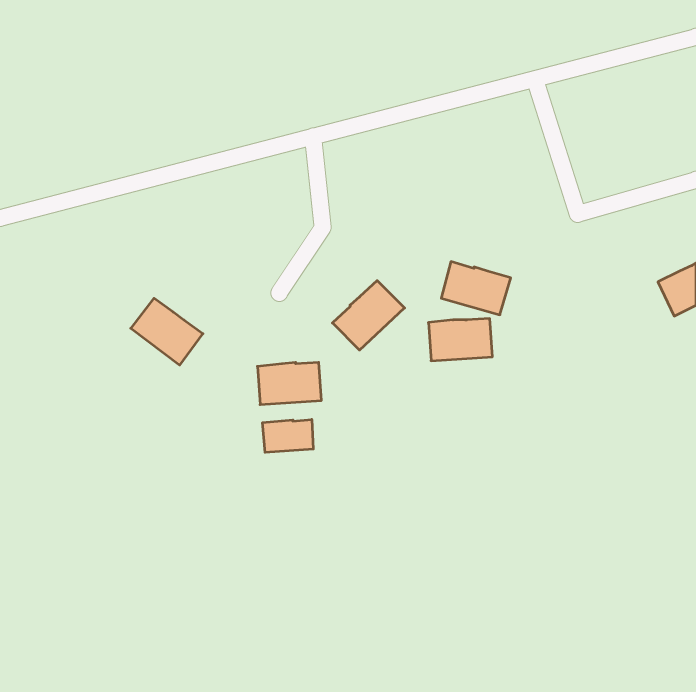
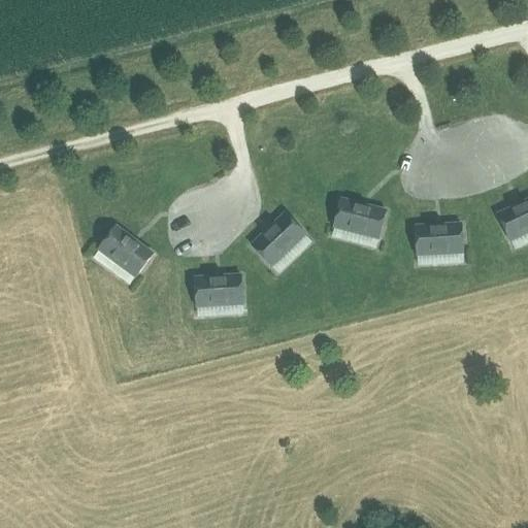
building: [428,319,492,361] -> [416,223,464,255]
building: [263,419,313,452] -> none

